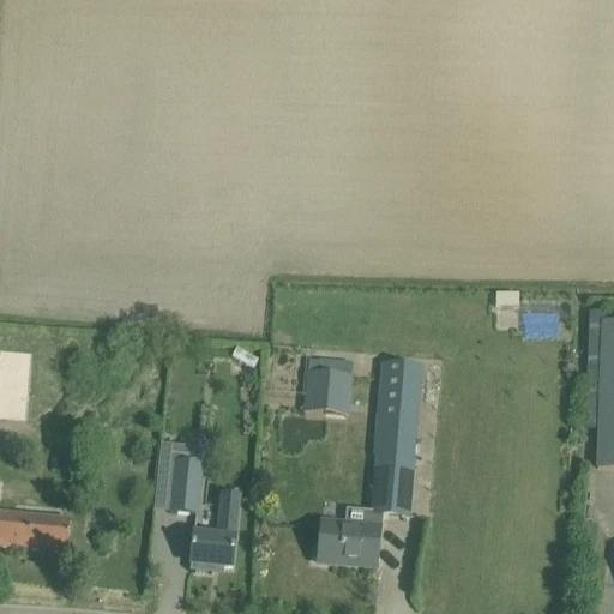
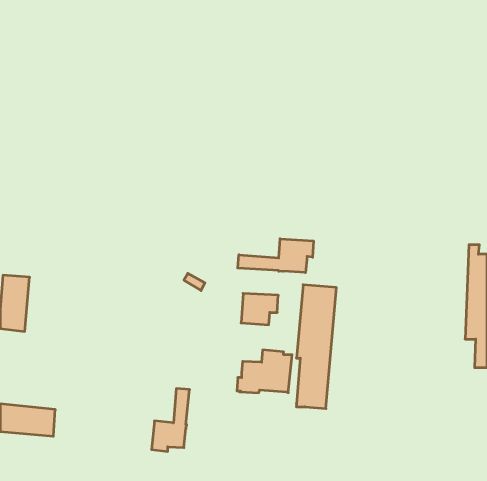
building: none -> [238,239,313,273]
building: [170,444,201,510] -> none
building: [314,506,384,560] -> [237,350,292,393]

